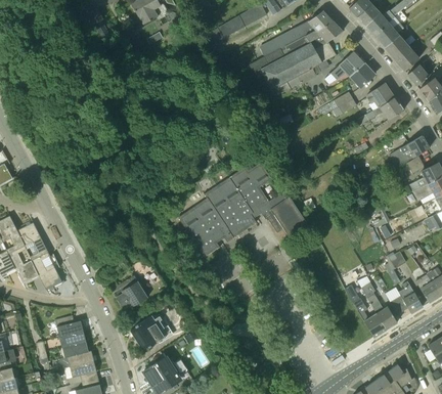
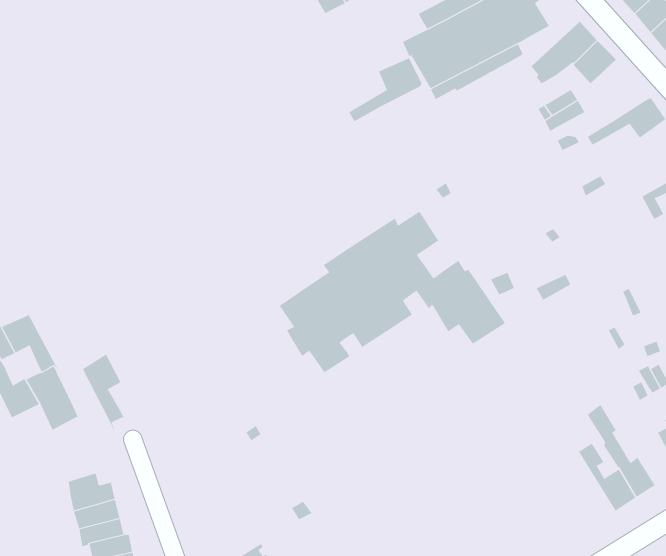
building: none -> [348,58,422,122]
building: [365,83,393,110] -> none
building: none -> [82,354,124,431]
building: [116,280,147,308] -> none
building: [130,314,174,349] -> none

